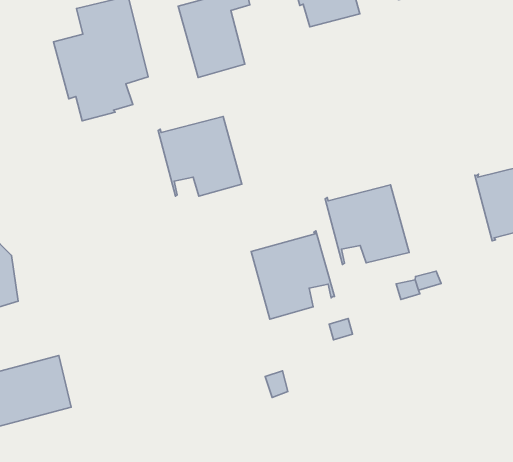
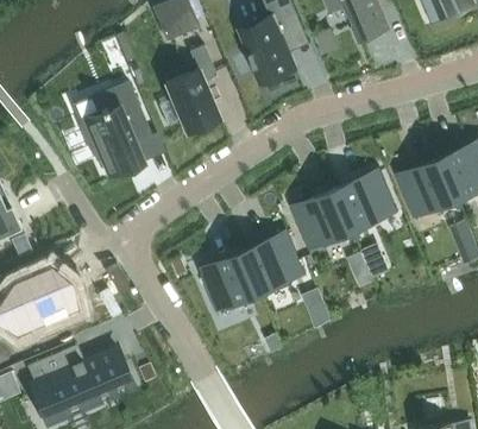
building: [158,116,242,196] -> [196,251,262,313]
building: none -> [334,168,397,235]

